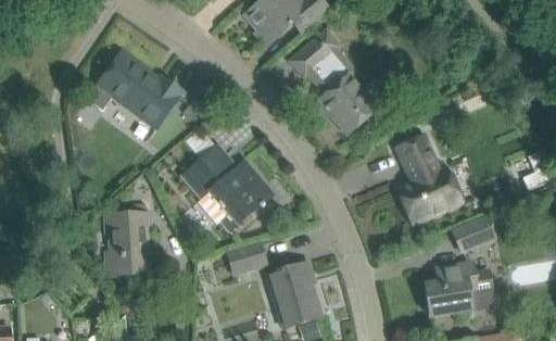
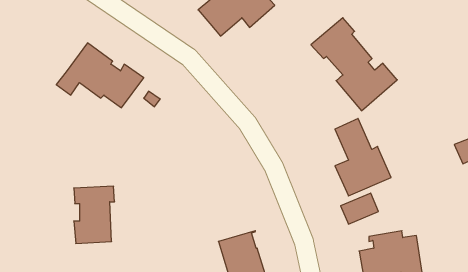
building: [290,29,387,134] -> [311,18,397,111]
building: [181,156,269,230] -> none
building: [452,216,494,251] -> [341,193,378,224]
building: [227,242,266,273] -> none

